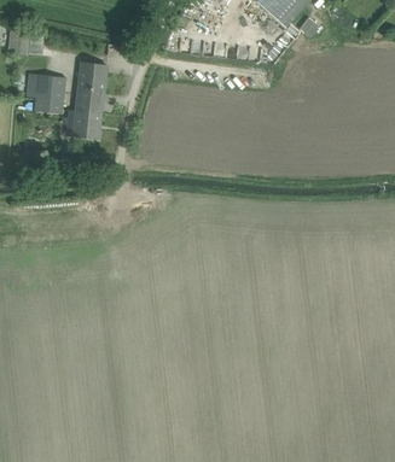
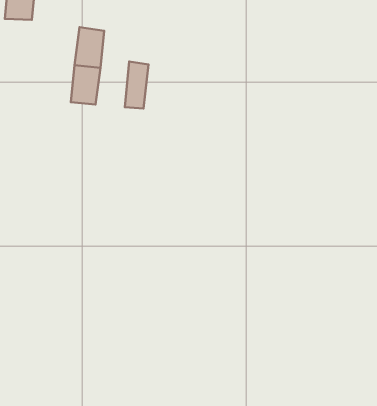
building: [31,76,64,115] -> none
building: none -> [125,62,149,108]

